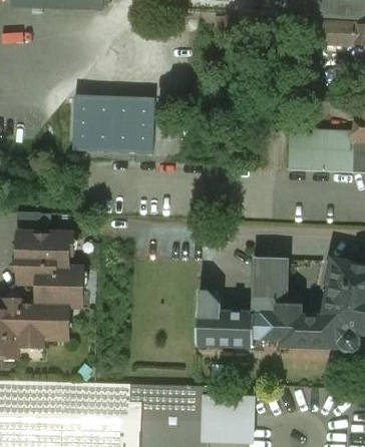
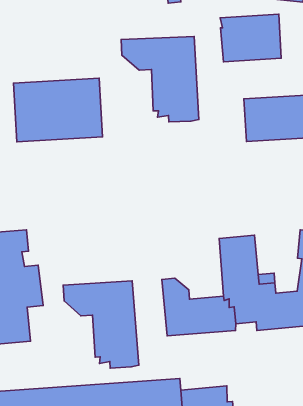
building: none -> [220,14,281,62]
building: none -> [121,37,199,122]
building: none -> [63,281,139,368]

